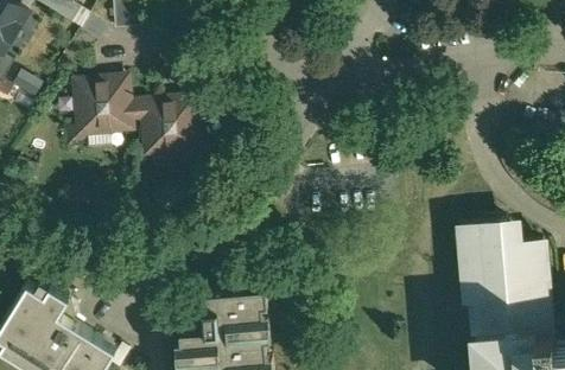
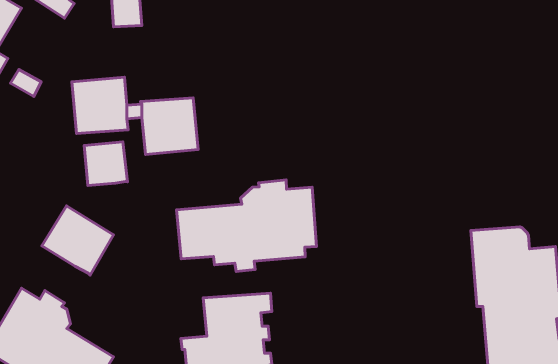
building: none -> [84,142,128,186]
building: none -> [177,180,317,271]
building: none -> [42,206,113,275]

